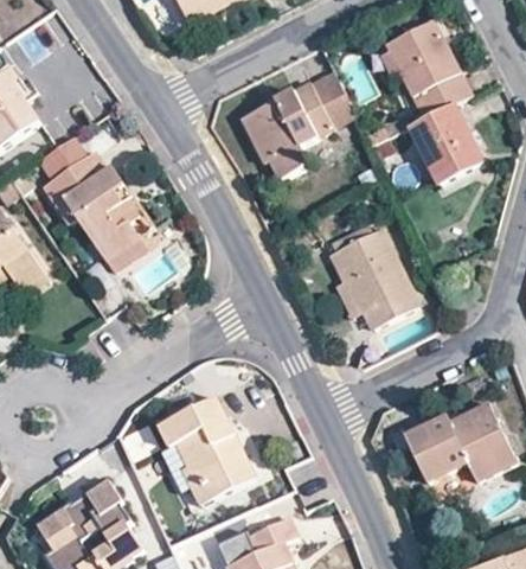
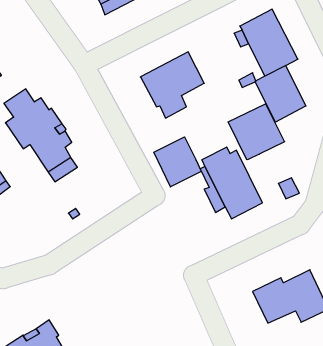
building: [310,70,358,128] -> none
building: none -> [228,104,285,160]
building: none -> [154,137,201,187]
building: [159,391,256,501] -> none

